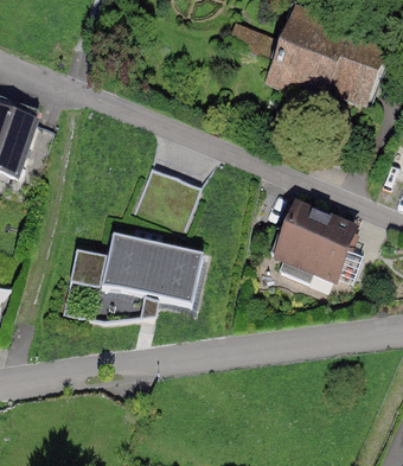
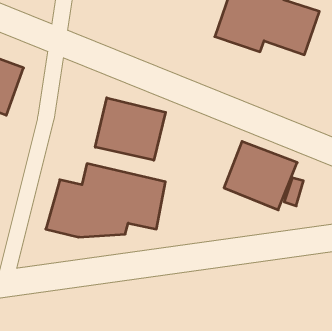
building: none -> [95,98,166,160]

